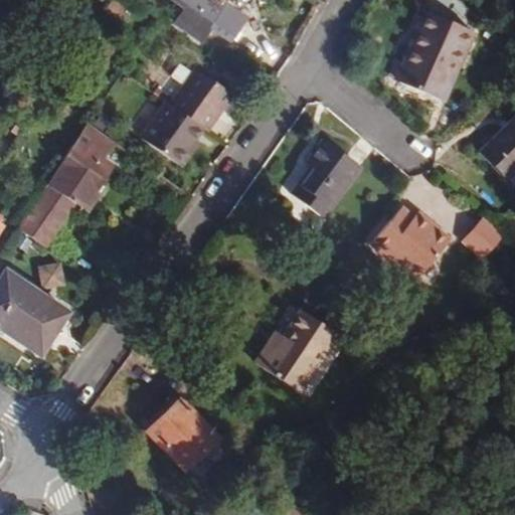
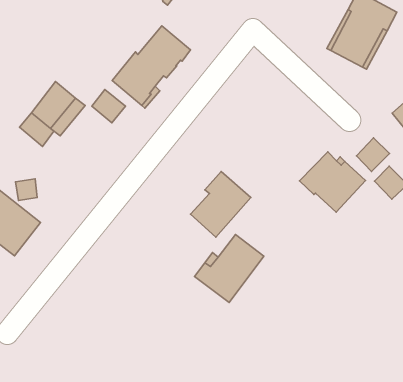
building: [74,122,115,161] -> [92,89,126,123]
building: [290,139,360,217] -> [190,172,251,237]
building: none -> [356,138,389,171]
building: [18,200,64,247] -> none
building: [143,394,228,481] -> none

